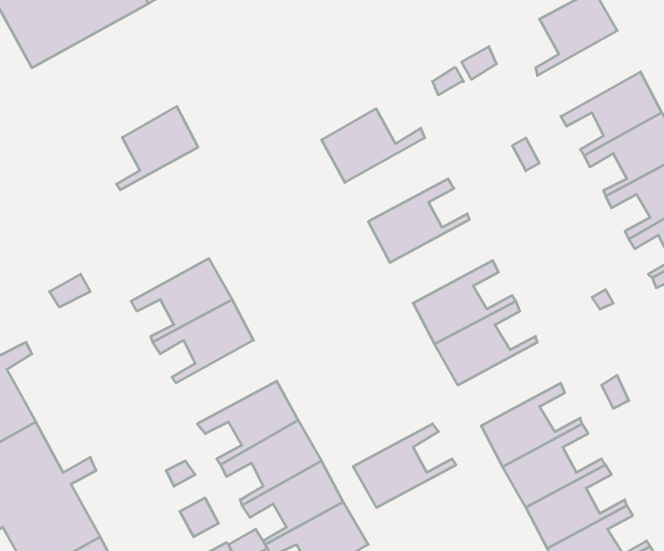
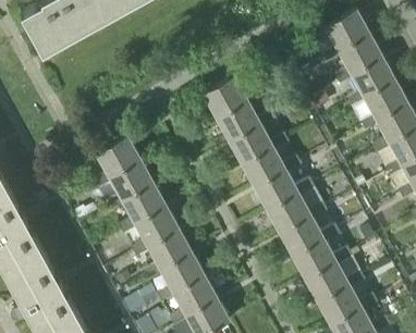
building: none -> [326,37,383,85]
building: [116,106,198,190] -> [96,141,142,188]
building: none -> [218,97,276,144]
building: none -> [243,143,301,189]
building: none -> [123,210,180,257]
building: [353,424,456,507] -> [281,211,339,258]

